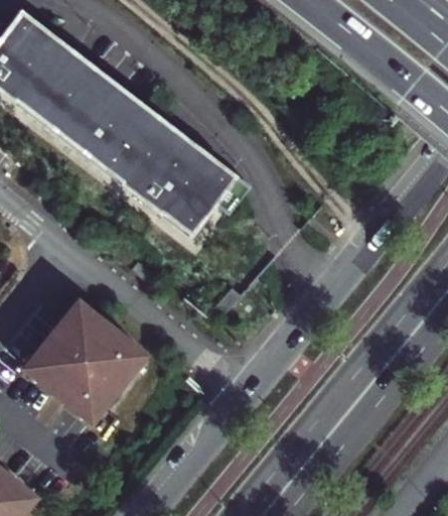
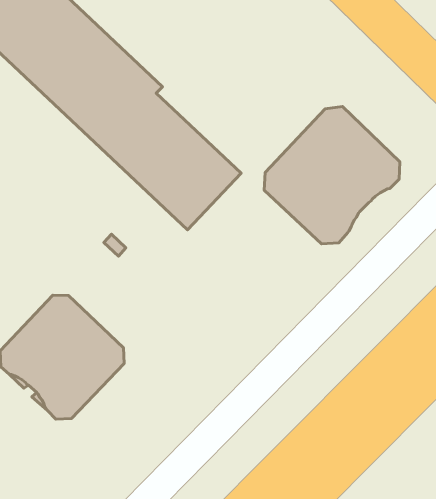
building: none -> [264,107,400,244]

